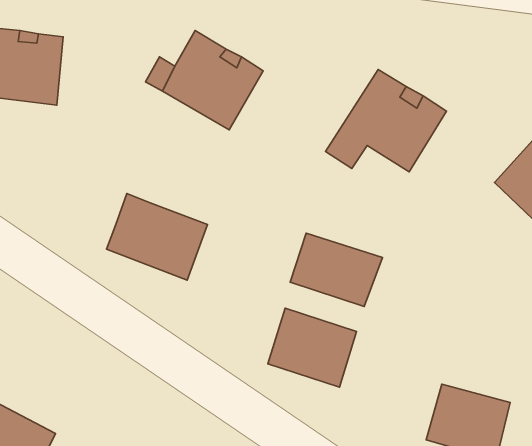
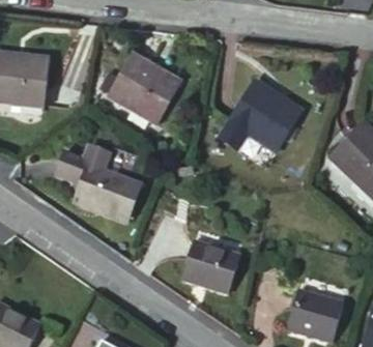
building: none -> [55,146,109,184]
building: [290,233,383,307] -> none

